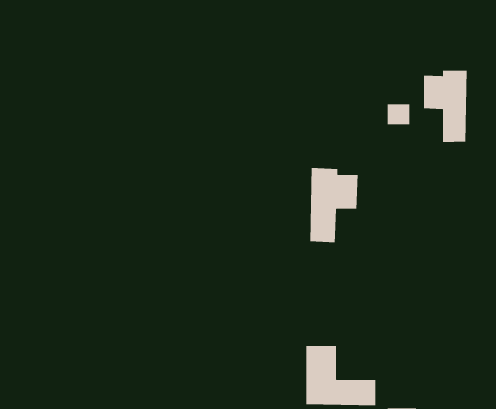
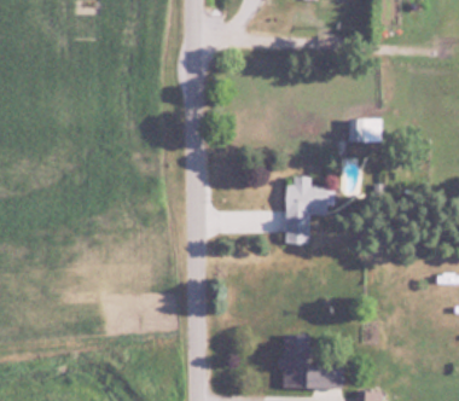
building: [423,70,467,143] -> none

